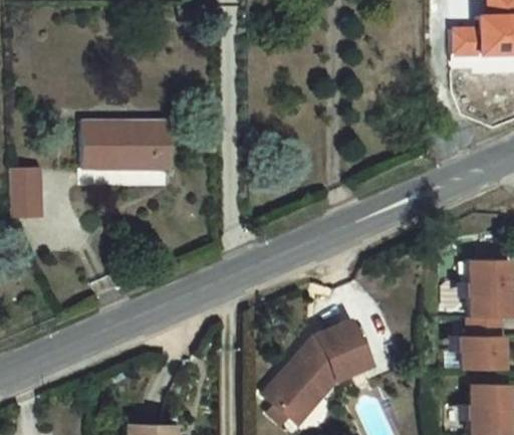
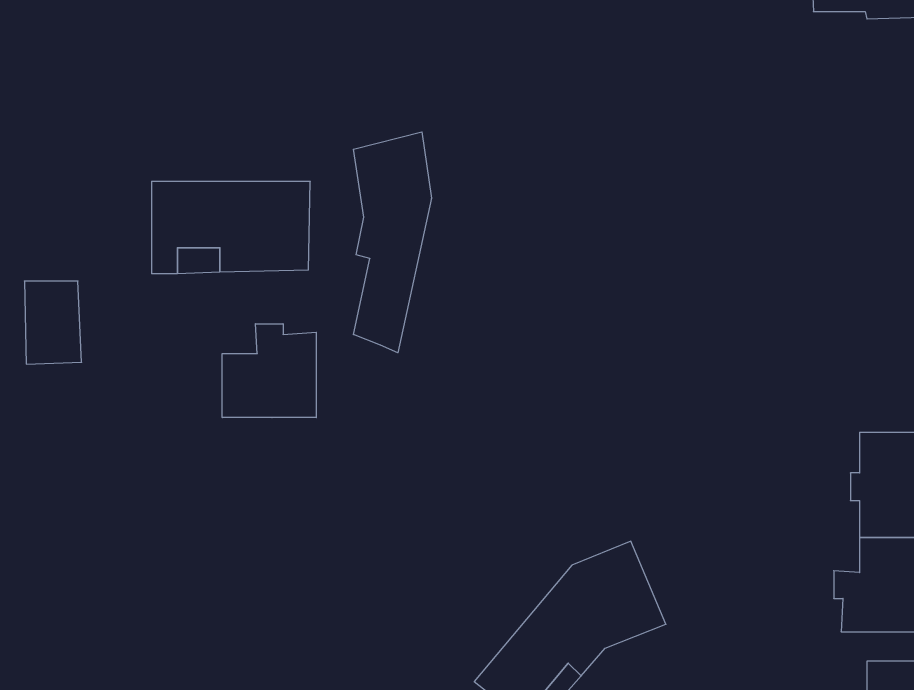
building: none -> [353,132,431,353]
building: none -> [222,324,316,418]

